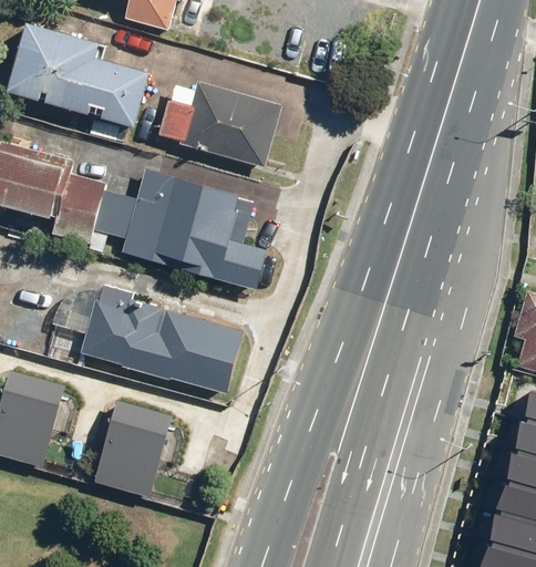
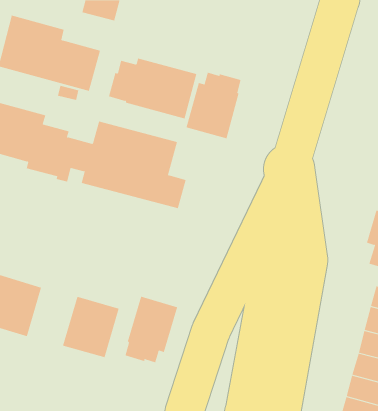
building: none -> [186,72,241,139]
building: [64,278,244,393] -> none
building: none -> [125,296,178,363]

